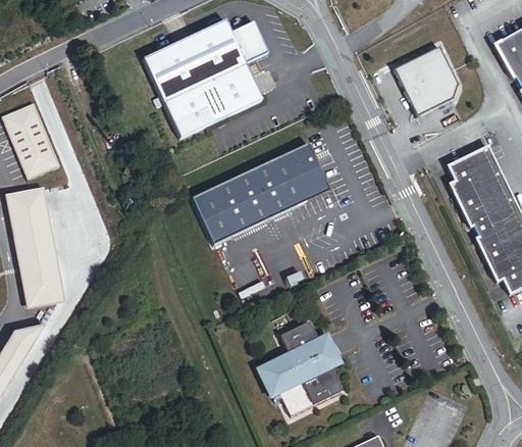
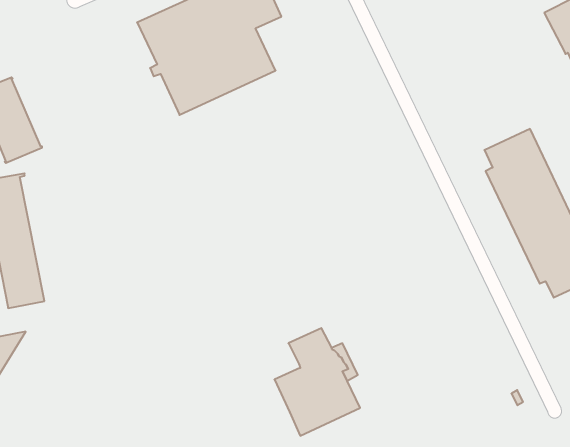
building: [396,47,460,116] -> none
building: [190,143,328,244] -> none
building: [254,353,286,399] -> none

